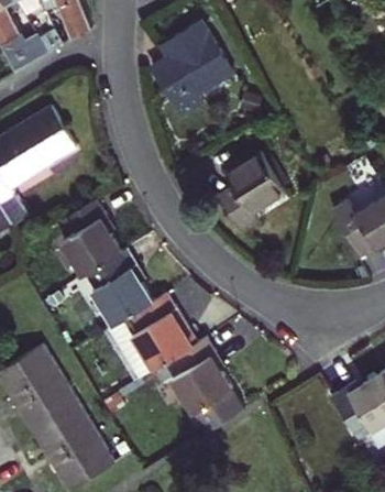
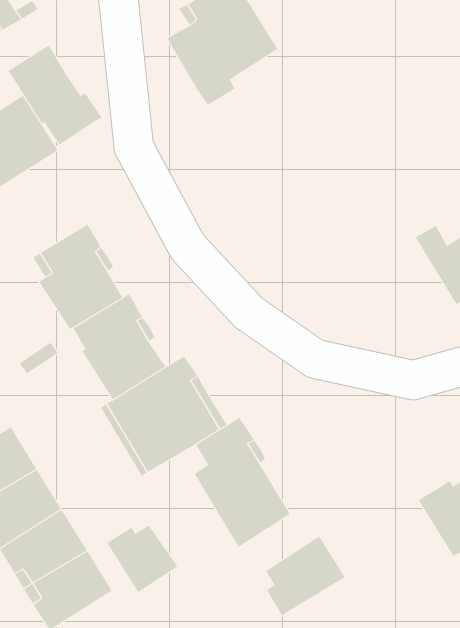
building: none -> [8,45,103,145]
building: [219,152,284,229] -> none
building: none -> [106,525,178,593]
building: none -> [266,536,346,616]

